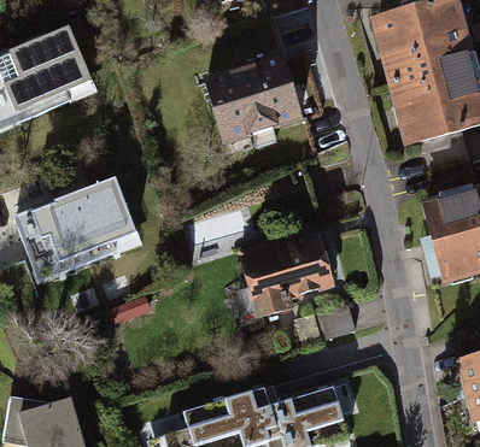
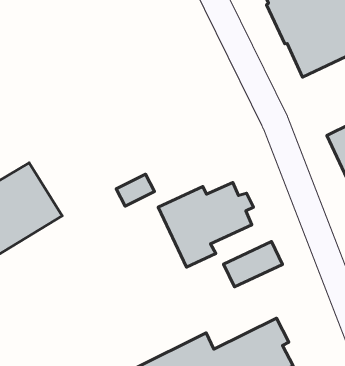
building: [207,58,299,141] -> none

